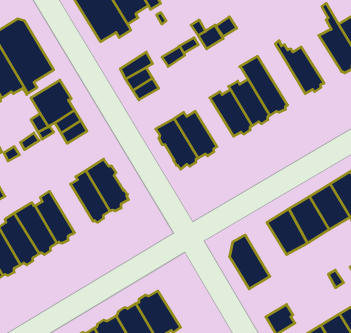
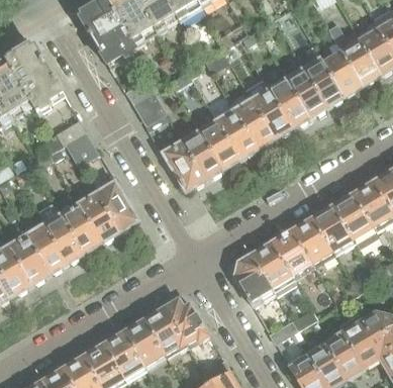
building: none -> [292,46,343,106]
building: none -> [257,68,308,127]
building: none -> [198,123,238,168]
building: none -> [60,201,102,252]
building: none -> [250,241,290,286]
building: none -> [165,300,207,344]

